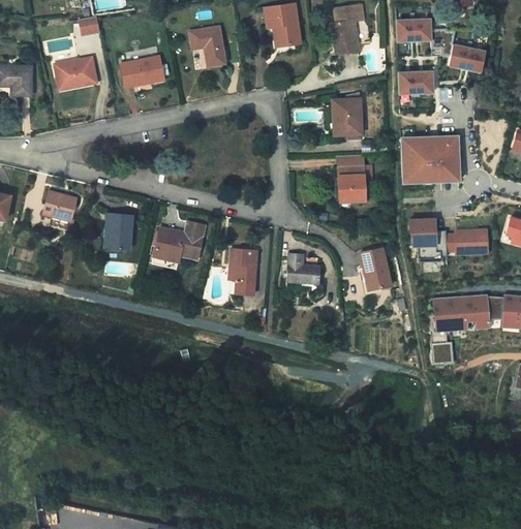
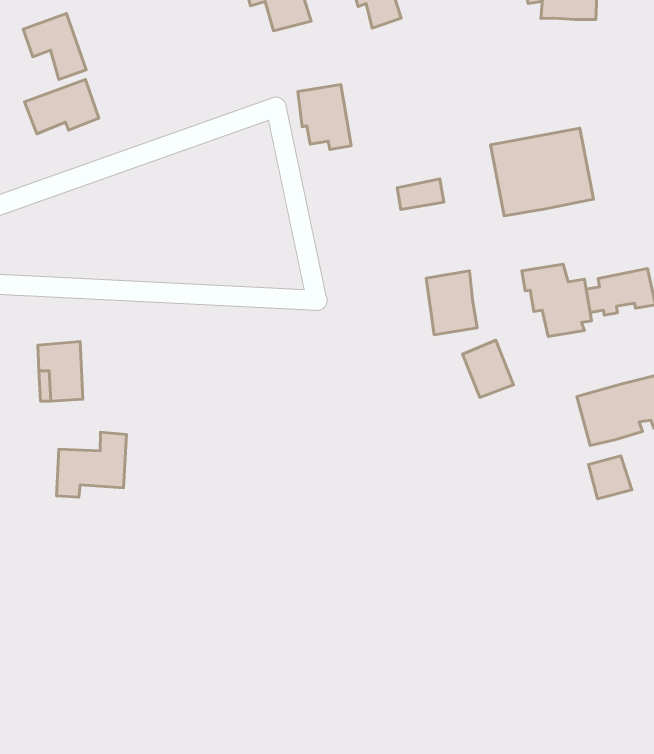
building: [192,28,226,67] -> [23,13,86,80]
building: [400,70,434,92] -> none
building: [335,101,363,139] -> [298,84,351,149]
building: [339,167,367,203] -> [426,271,477,335]
building: [155,221,204,258] -> [57,432,126,497]
building: [229,247,259,294] -> none
building: [287,263,319,283] -> none

